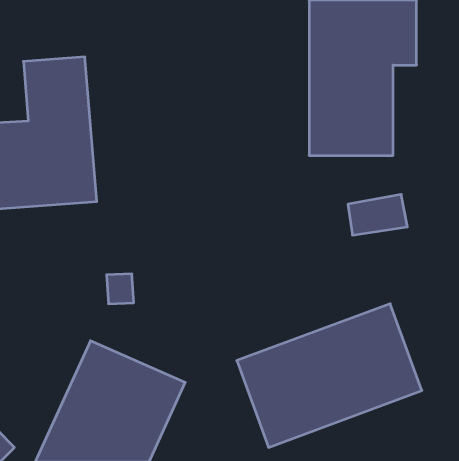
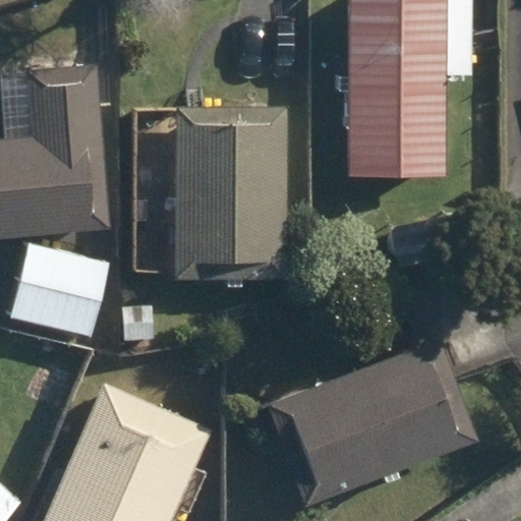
building: none -> [177,107,285,279]
building: none -> [12,247,106,336]

